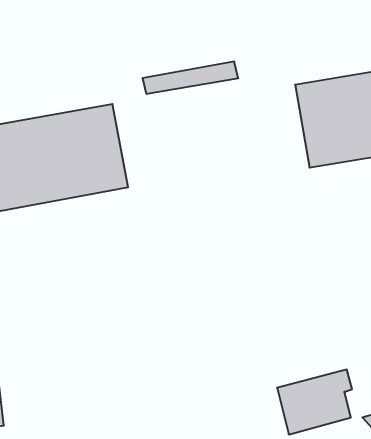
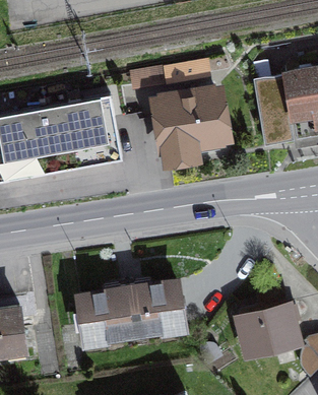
building: none -> [160,90,224,158]
building: none -> [79,278,183,339]

